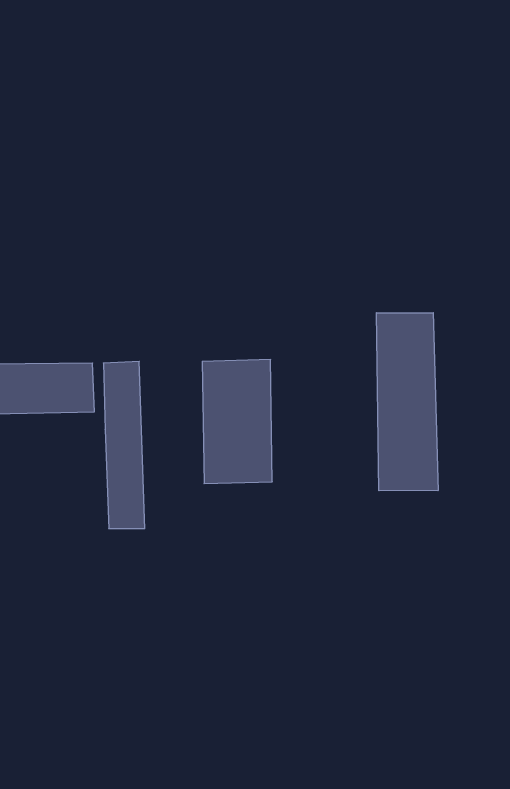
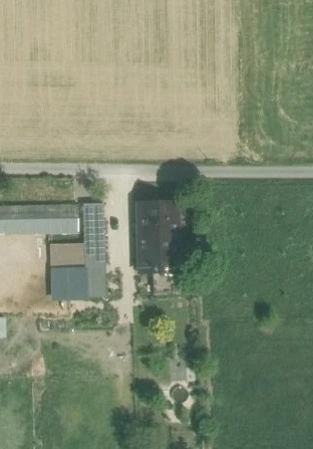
building: [376,313,438,491] -> none
building: none -> [48,242,85,298]

